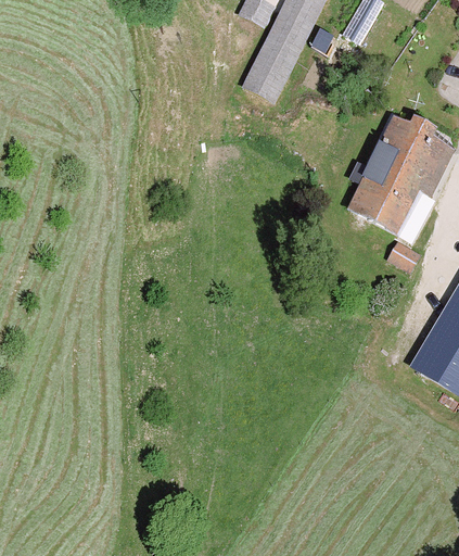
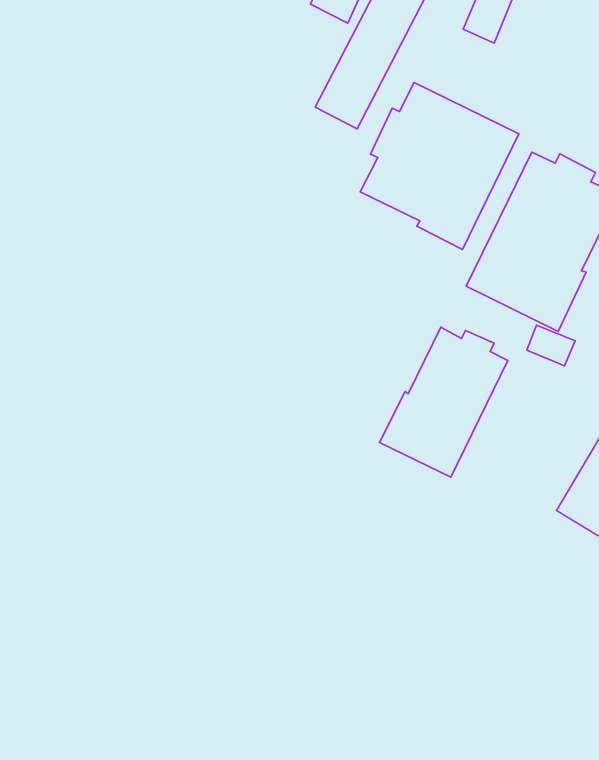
building: none -> [360,83,519,250]
building: none -> [380,327,508,477]

